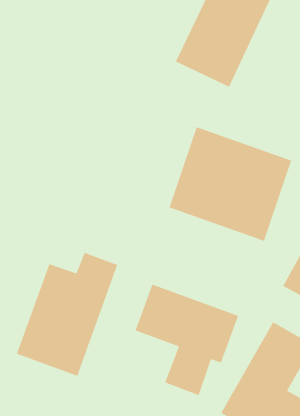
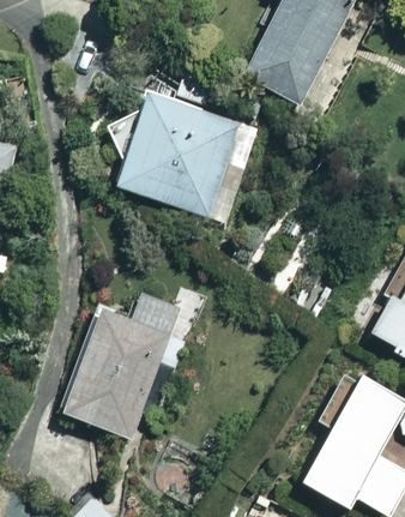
building: [168,126,292,242] -> [115,91,259,226]
building: [135,284,239,396] -> none

